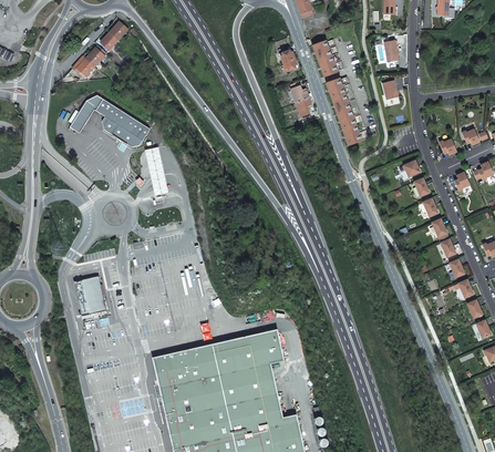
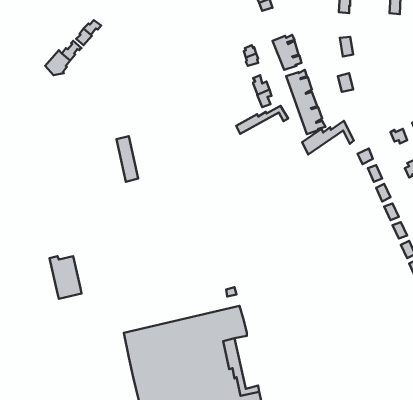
building: [68,95,149,147] -> none
building: none -> [236,106,288,134]
building: none -> [302,121,354,155]

